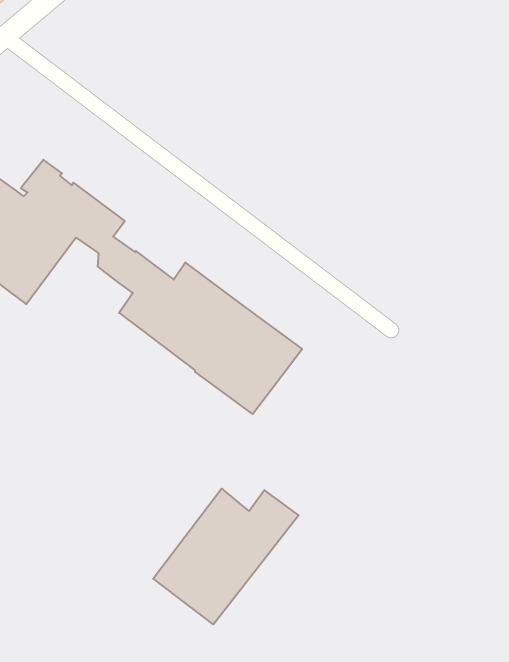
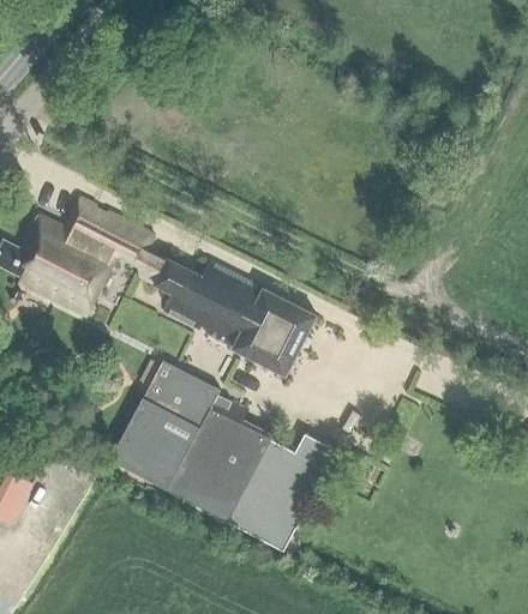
building: none -> [106,360,277,524]

